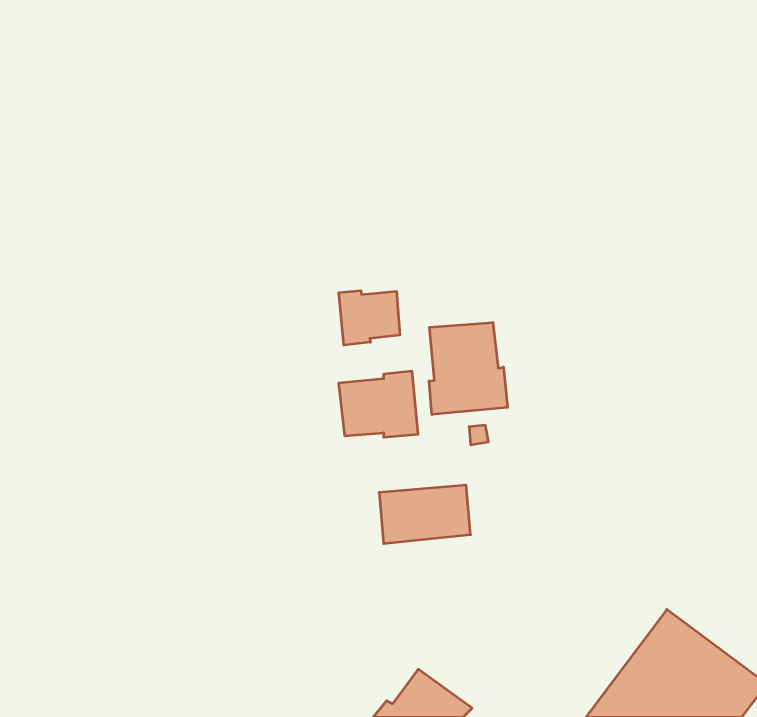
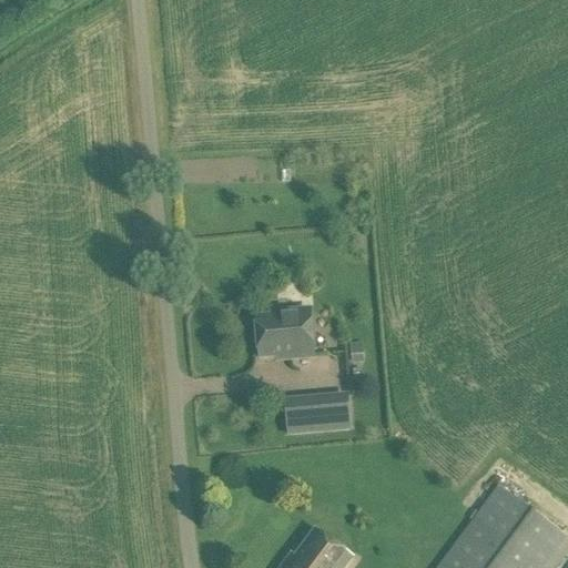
building: [339,291,400,345] -> none
building: [429,322,508,415] -> none

